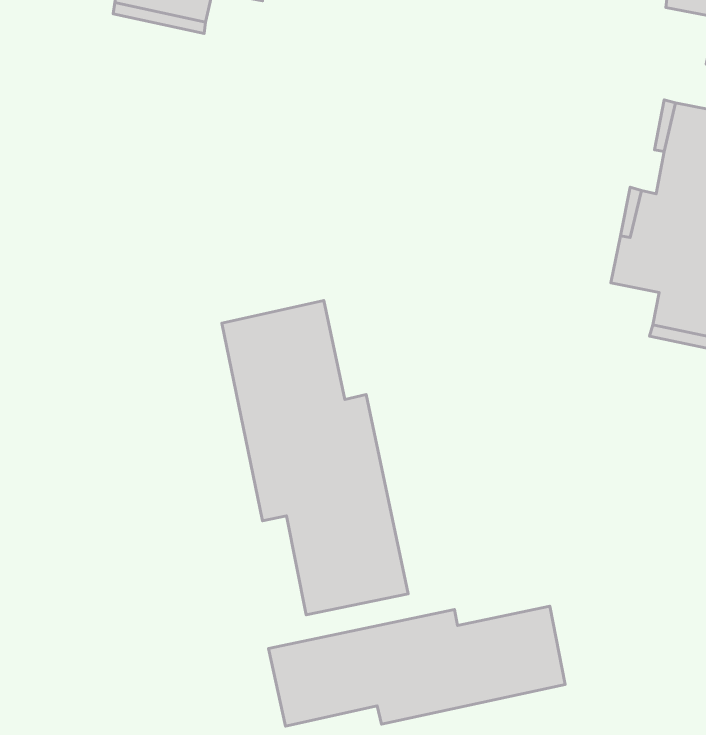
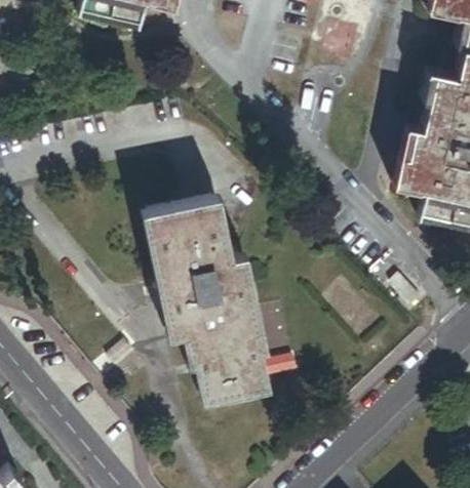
building: [269,606,565,726] -> none

